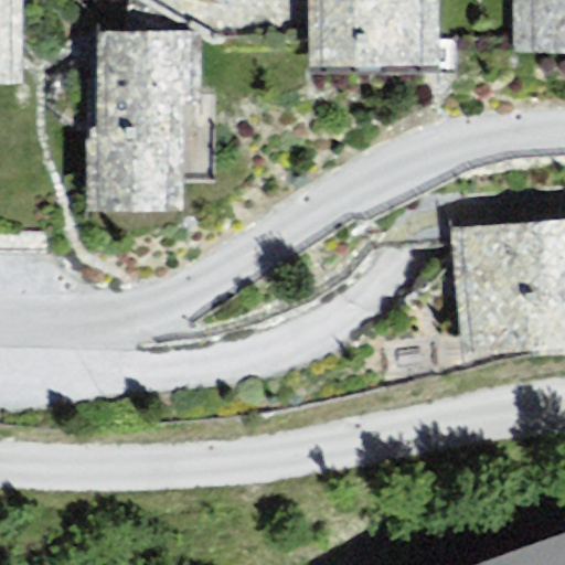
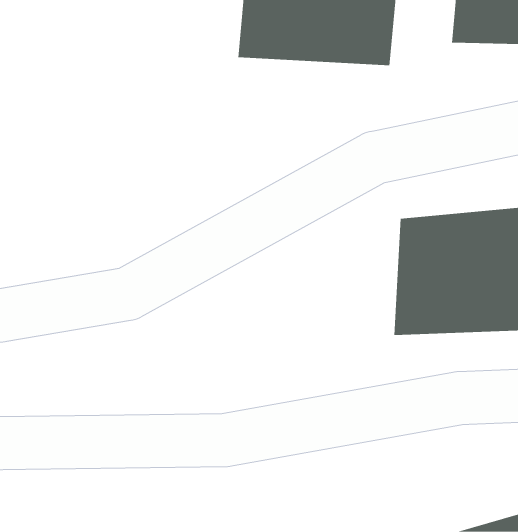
building: [63,31,189,216] -> none

